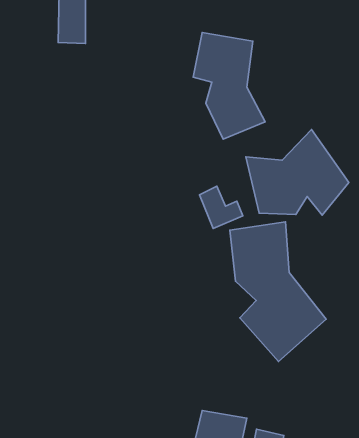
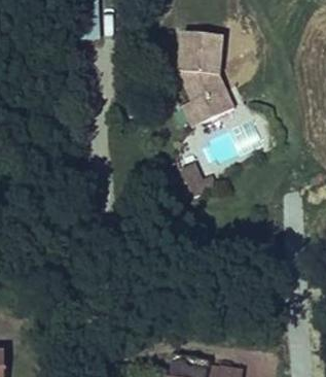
building: [246,130,349,215] -> none
building: [230,222,326,362] -> none

